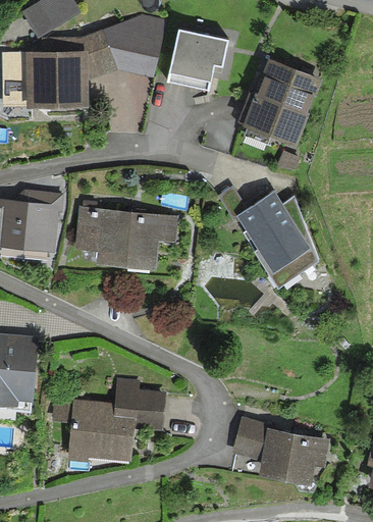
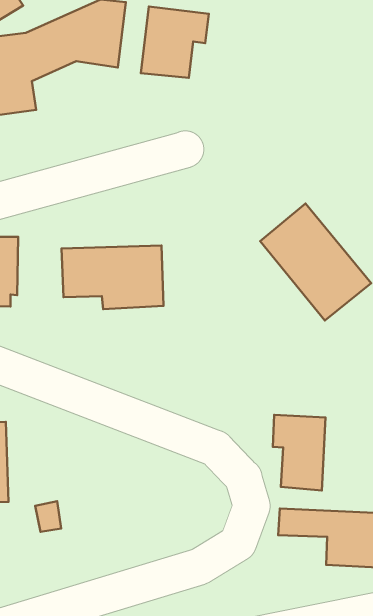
building: [245,62,314,138] -> none
building: none -> [273,415,326,490]
building: [72,397,156,456] -> none

